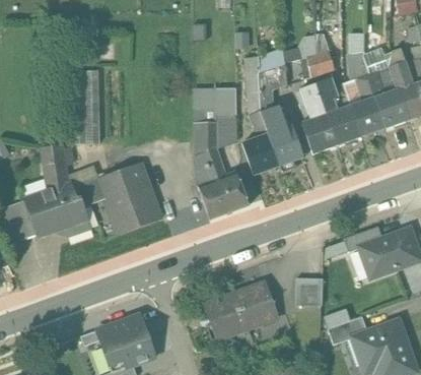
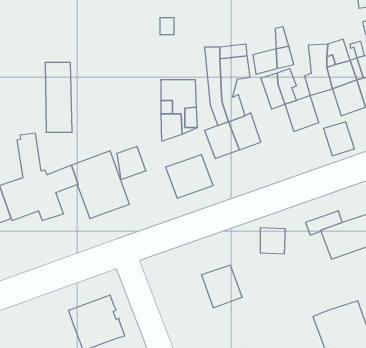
building: [350,99,382,134] -> [323,122,354,156]
building: [301,115,333,151] -> none
building: [195,146,225,181] -> [117,147,146,180]
building: [297,278,324,306] -> [260,228,285,254]
building: [206,294,249,339] -> none
building: [329,316,368,346] -> none

